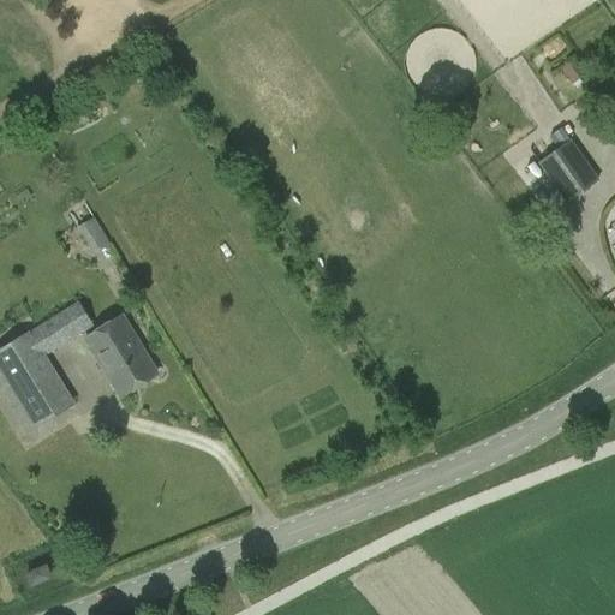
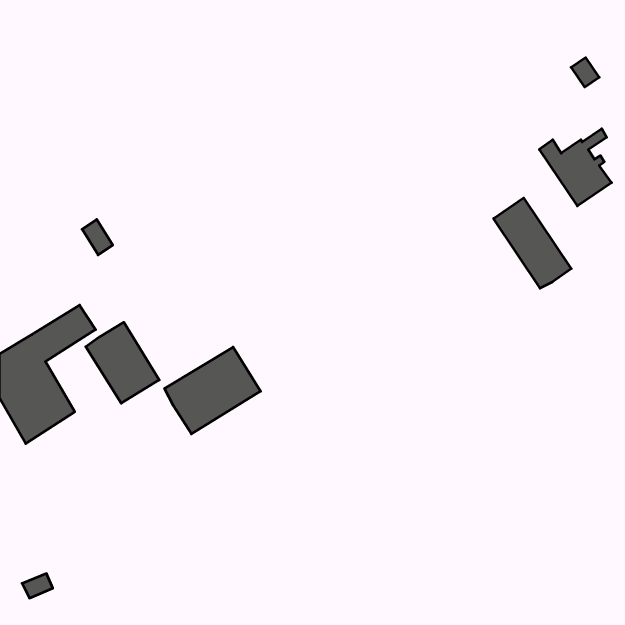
building: none -> [494,198,571,288]
building: none -> [165,347,261,434]

